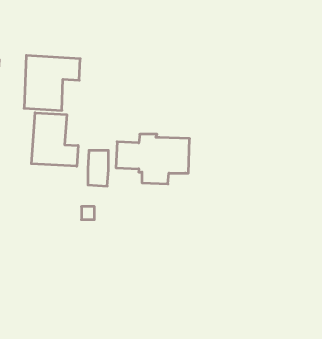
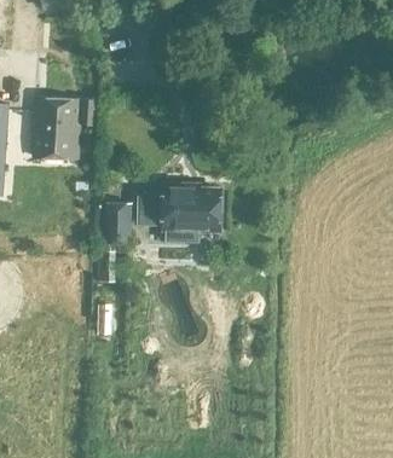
building: [31,113,78,166] -> none

